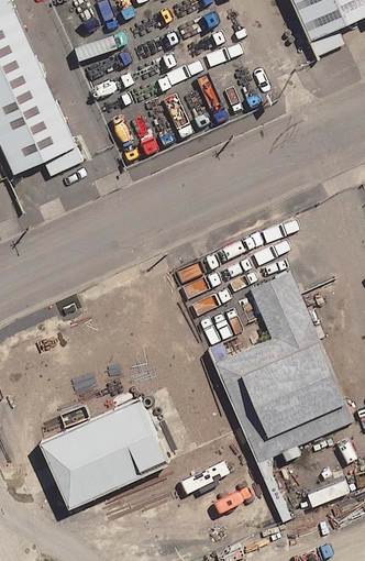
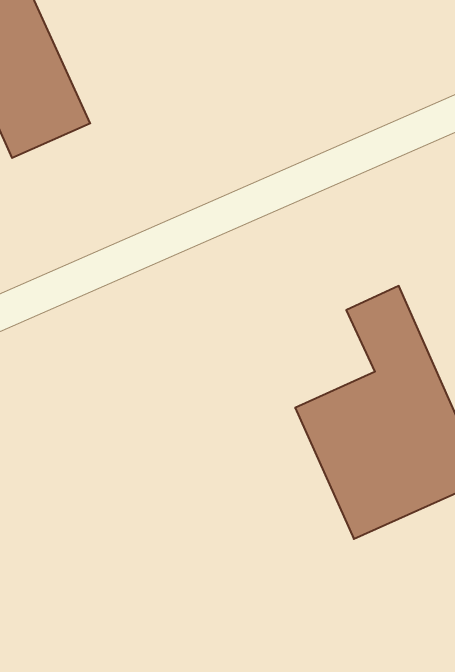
building: [48,391,170,498] -> none

